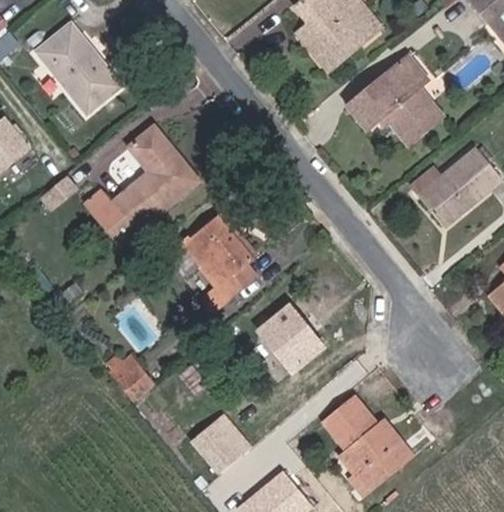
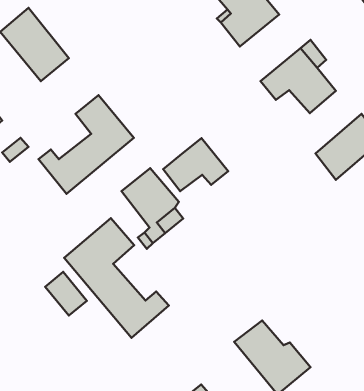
building: none -> [163,138,228,191]
building: none -> [64,218,169,338]
building: [261,307,321,370] -> none
building: [191,417,248,474] -> none

